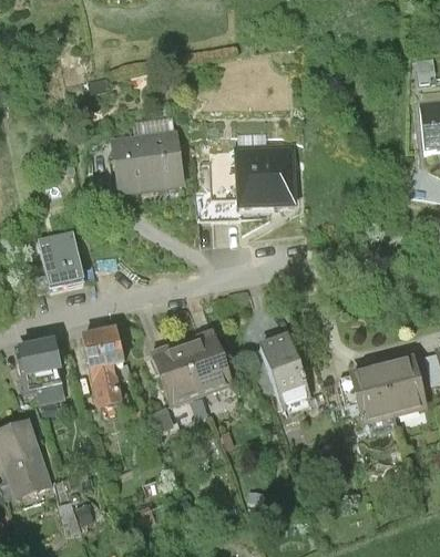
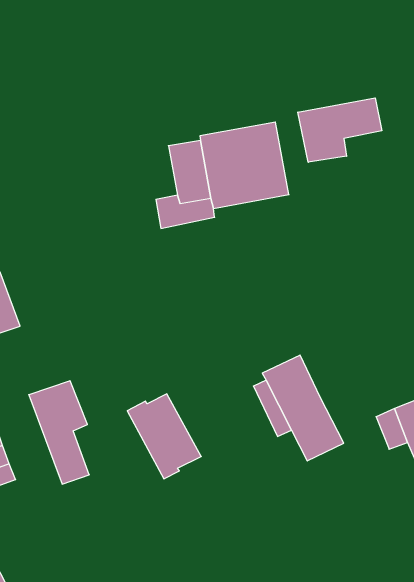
building: [110,134,181,204] -> none
building: none -> [298,98,382,162]
building: [184,327,235,391] -> none

